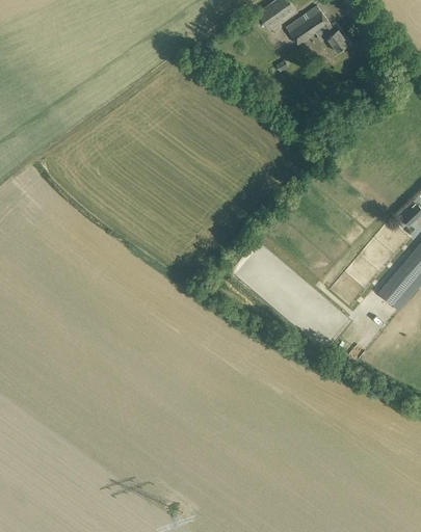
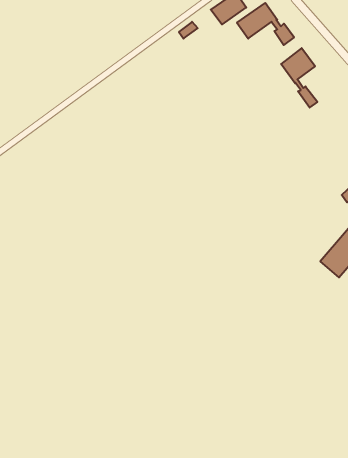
building: none -> [281,48,317,108]

